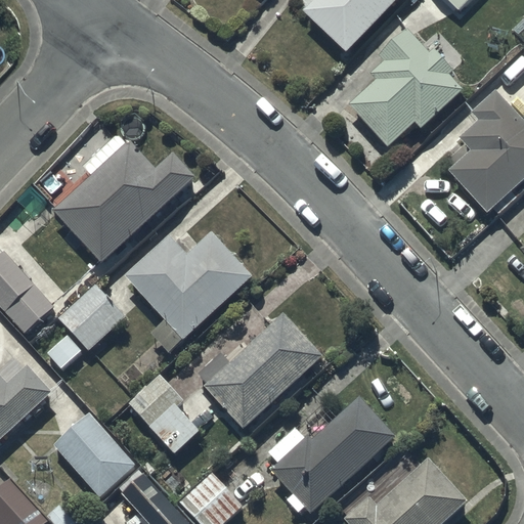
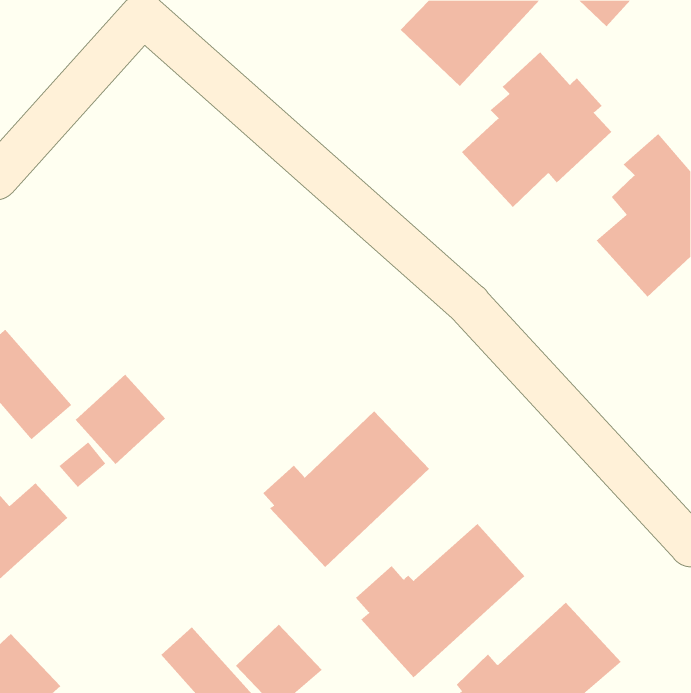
building: [52,134,193,261] -> none
building: [124,229,252,352] -> none
building: [128,375,199,453] -> none
building: [53,412,134,495] -> none

